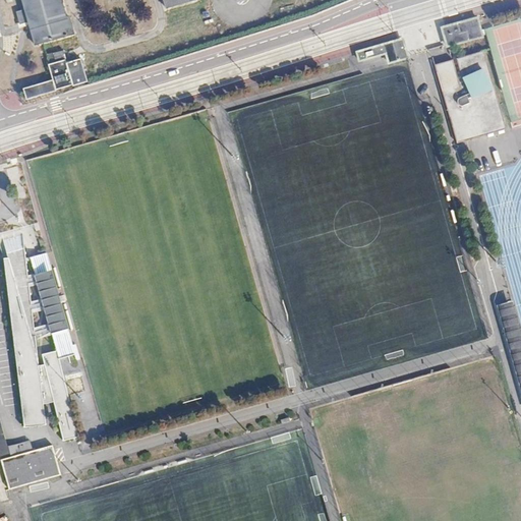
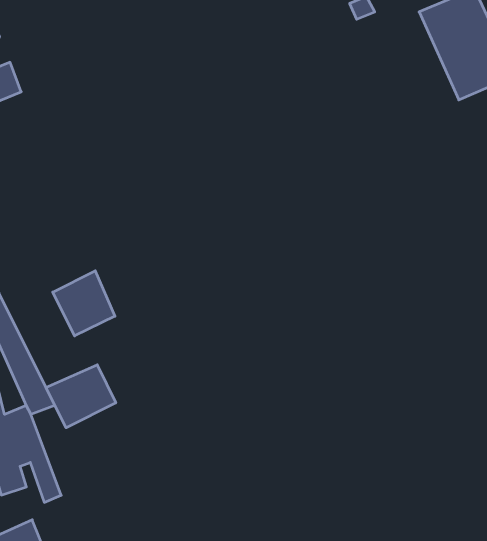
building: none -> [53,271,115,336]
building: none -> [46,365,116,428]

